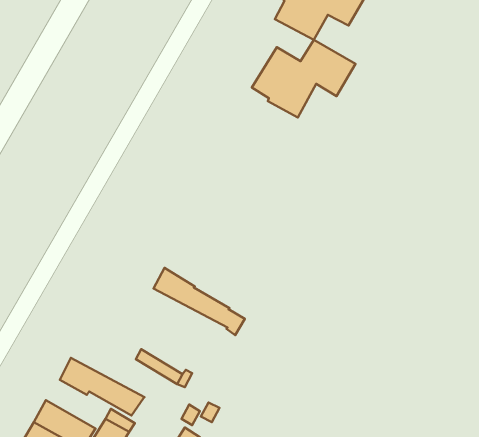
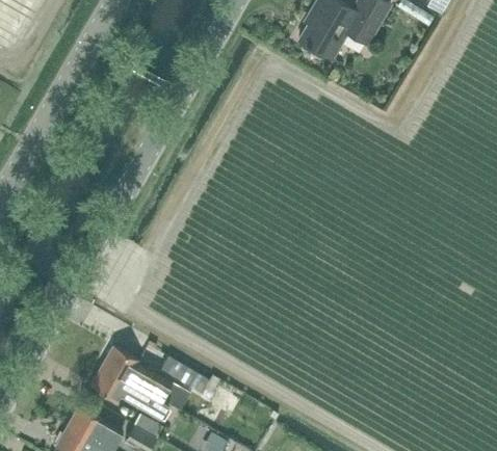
building: [252,40,355,117] -> none
building: [154,268,245,335] -> [101,345,188,409]

